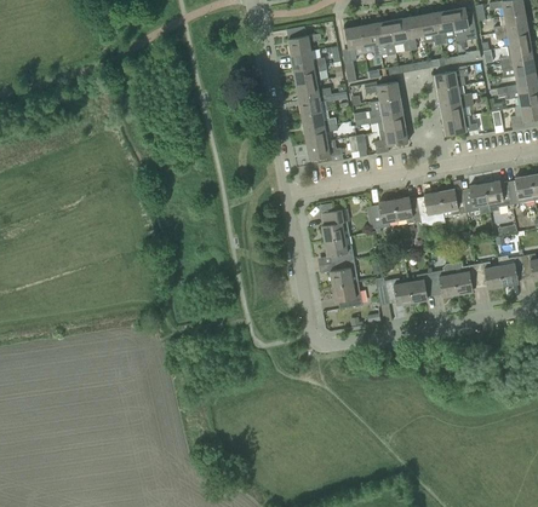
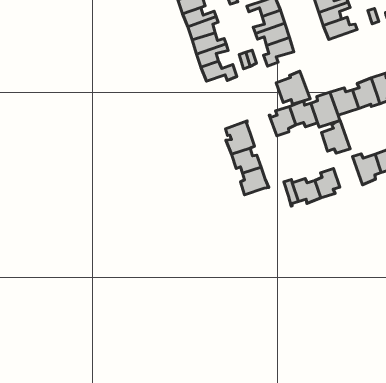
building: none -> [276,71,310,104]
building: [430,263,458,296] -> [321,120,350,153]
building: [332,282,362,309] -> none

